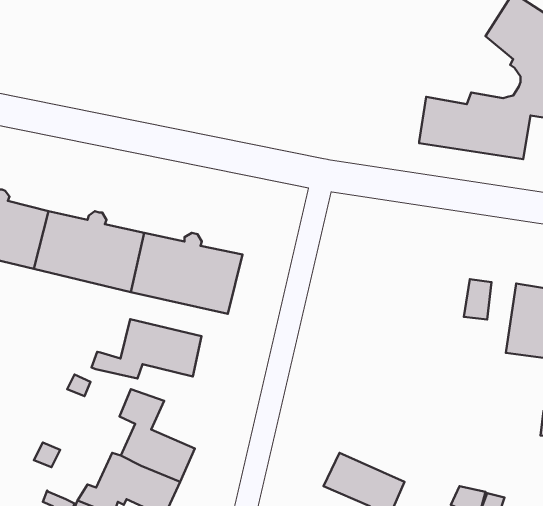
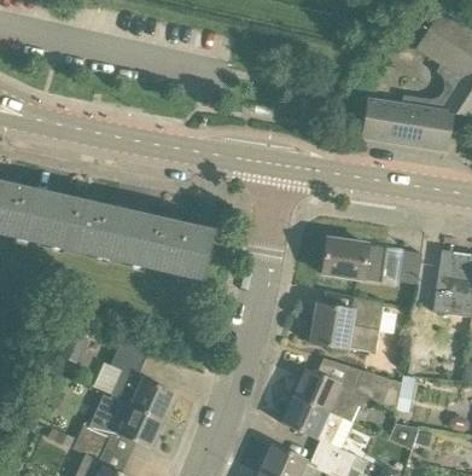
building: none -> [322,238,386,279]
building: [92,319,201,378] -> none
building: none -> [310,297,384,353]
building: none -> [295,367,401,419]

